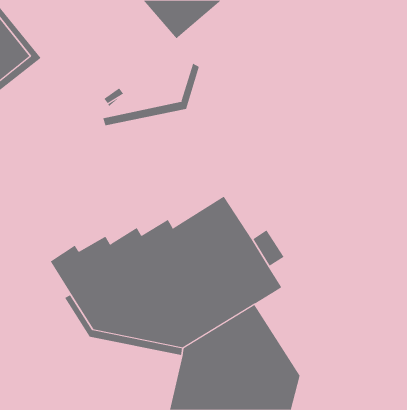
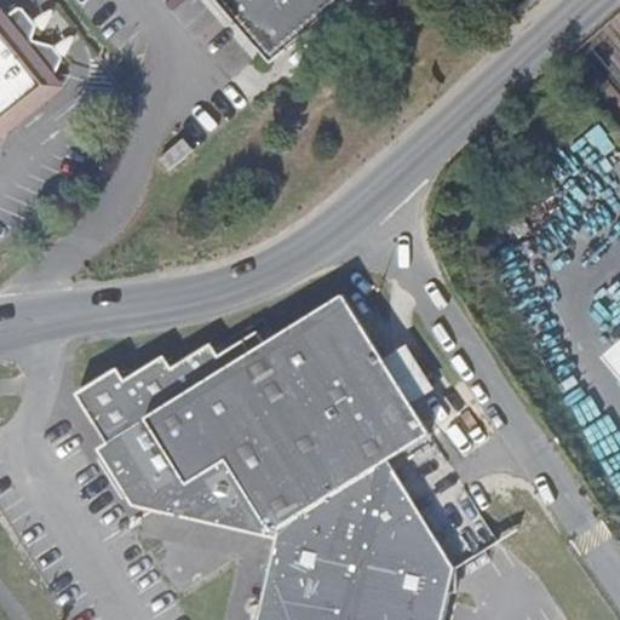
building: [102,63,199,126] -> none

